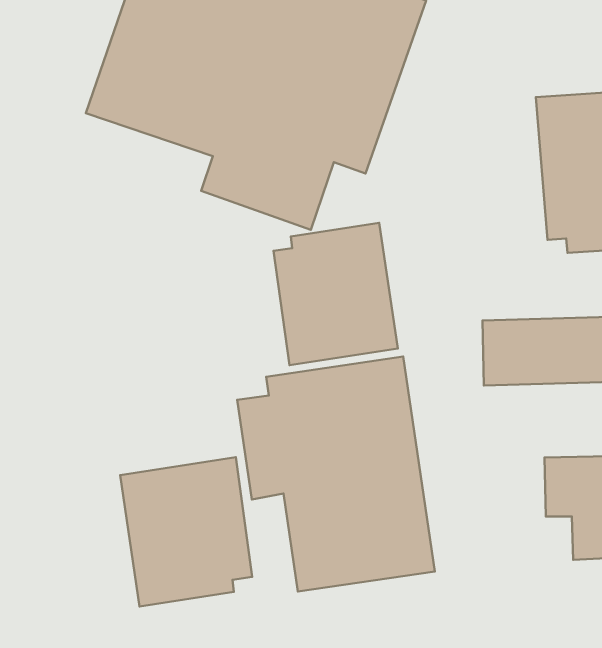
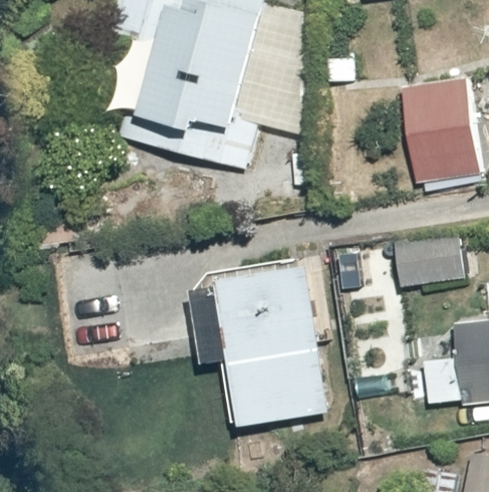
building: [274,223,398,365] -> none
building: [120,457,252,607] -> none

